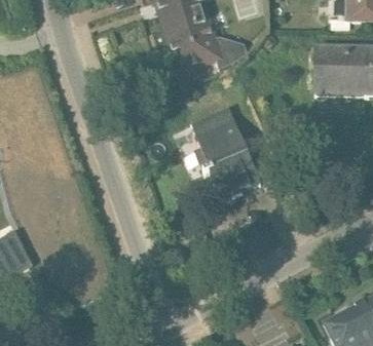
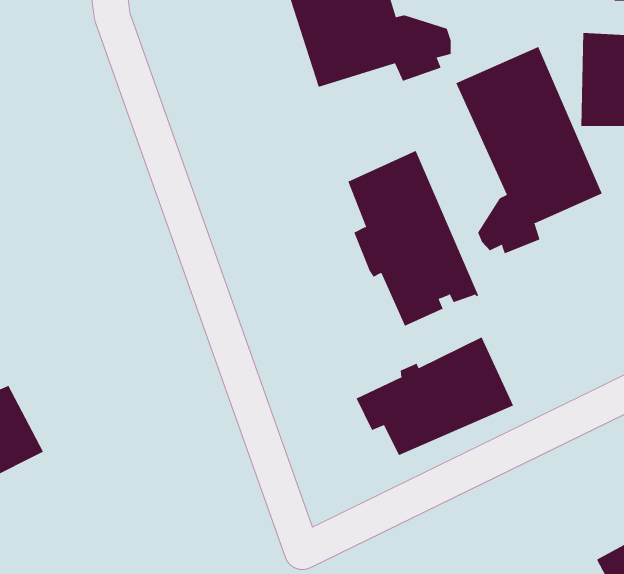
building: none -> [456,46,602,254]
building: none -> [356,337,514,456]

